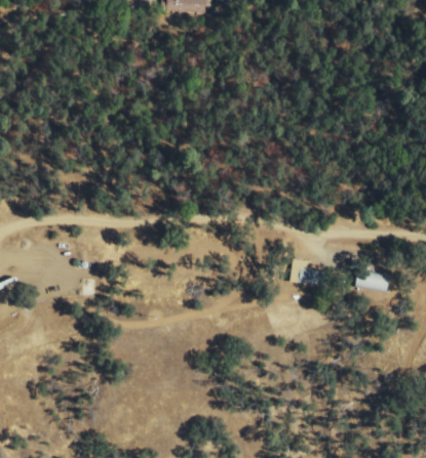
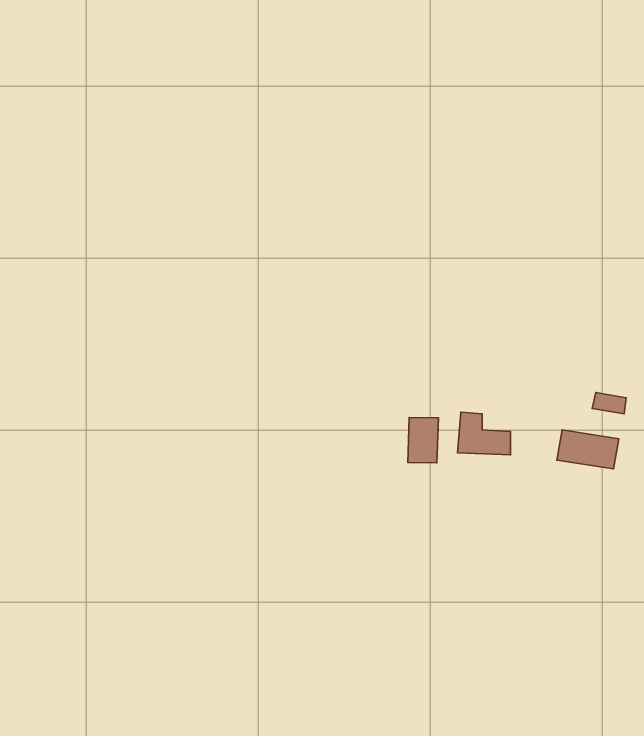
building: none -> [408,417,438,463]

